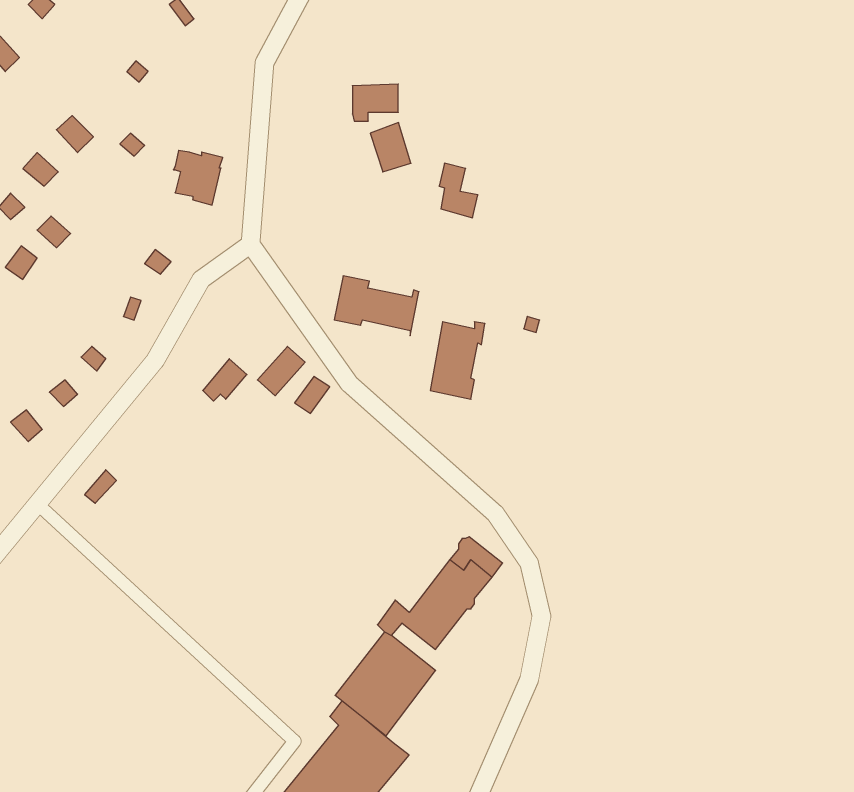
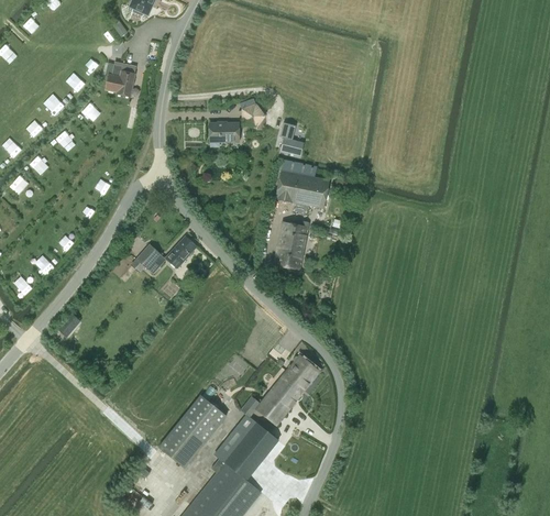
building: [352,84,398,121] -> [210,123,239,146]
building: [173,150,223,205] -> [106,63,136,97]
building: [334,276,419,336] -> [276,169,329,207]
building: none -> [160,395,228,468]

